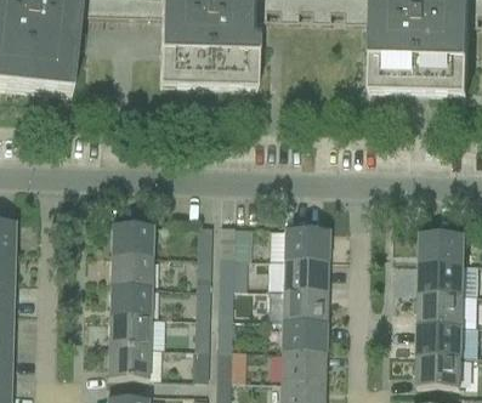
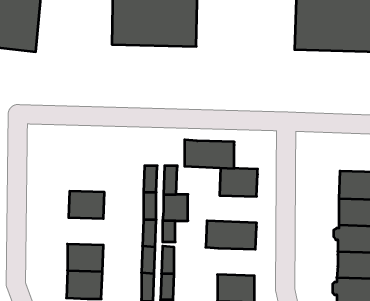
building: [112,222,153,255] -> none
building: [270,257,327,290] -> [185,140,234,168]
building: [109,284,151,316] -> none
building: [282,319,325,351] -> none

